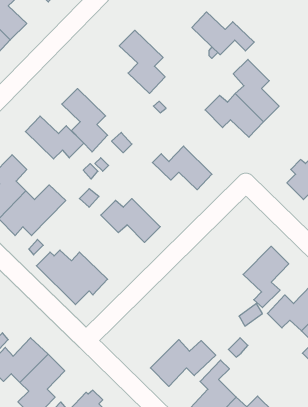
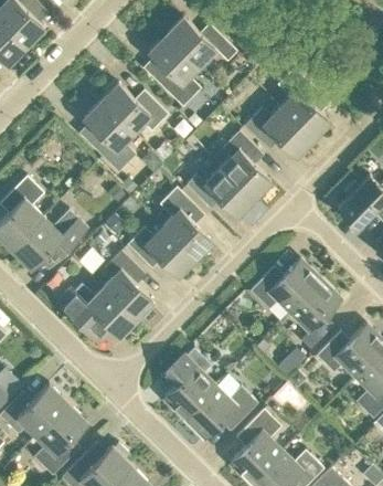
building: [192,12,254,55] -> [167,18,237,66]
building: none -> [222,131,272,199]
building: [25,116,84,159] -> [102,84,168,133]
building: none -> [160,188,212,258]
building: none -> [104,252,153,318]
building: none -> [251,260,321,313]
building: none -> [161,349,216,419]

